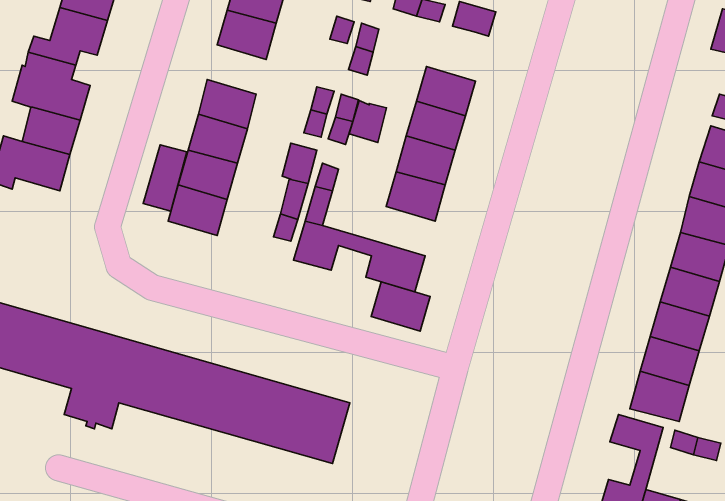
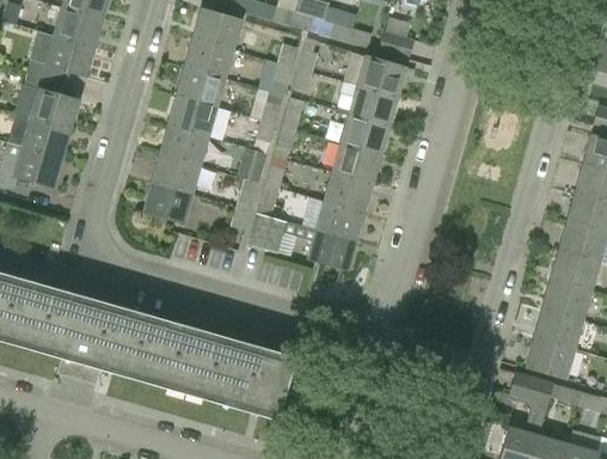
building: none -> [357,54,406,96]
building: none -> [176,66,225,106]
building: [349,101,387,142] -> [260,59,292,93]
building: [143,145,187,211] -> none
building: [371,282,430,331] -> [315,200,364,240]

